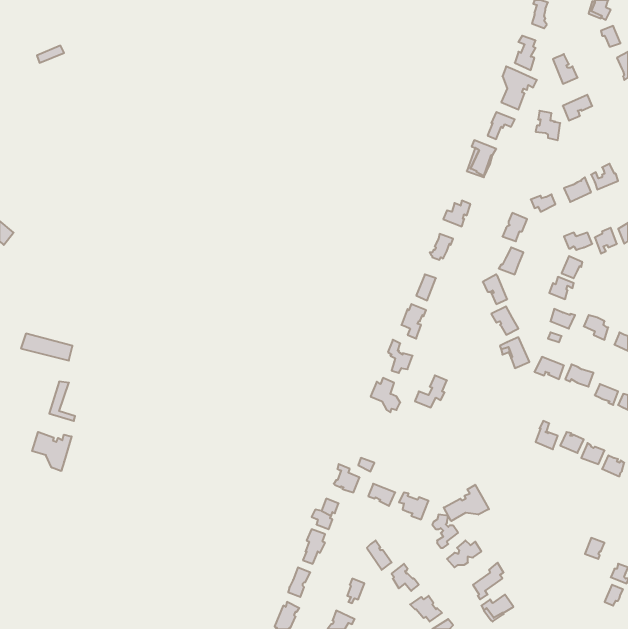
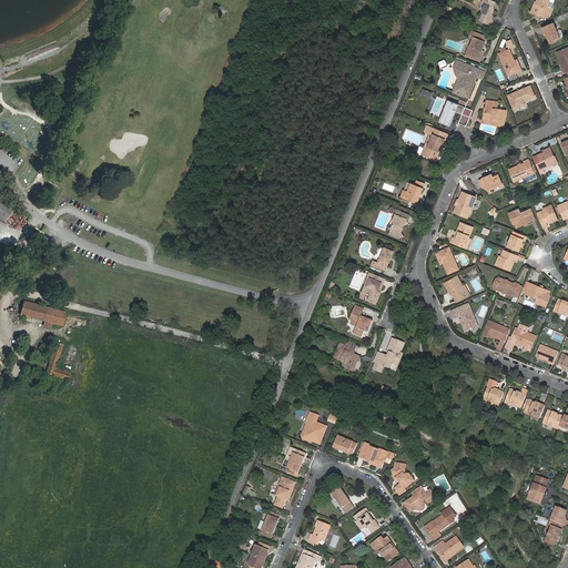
building: [32,432,72,471] -> none
building: [444,485,489,521] -> none

